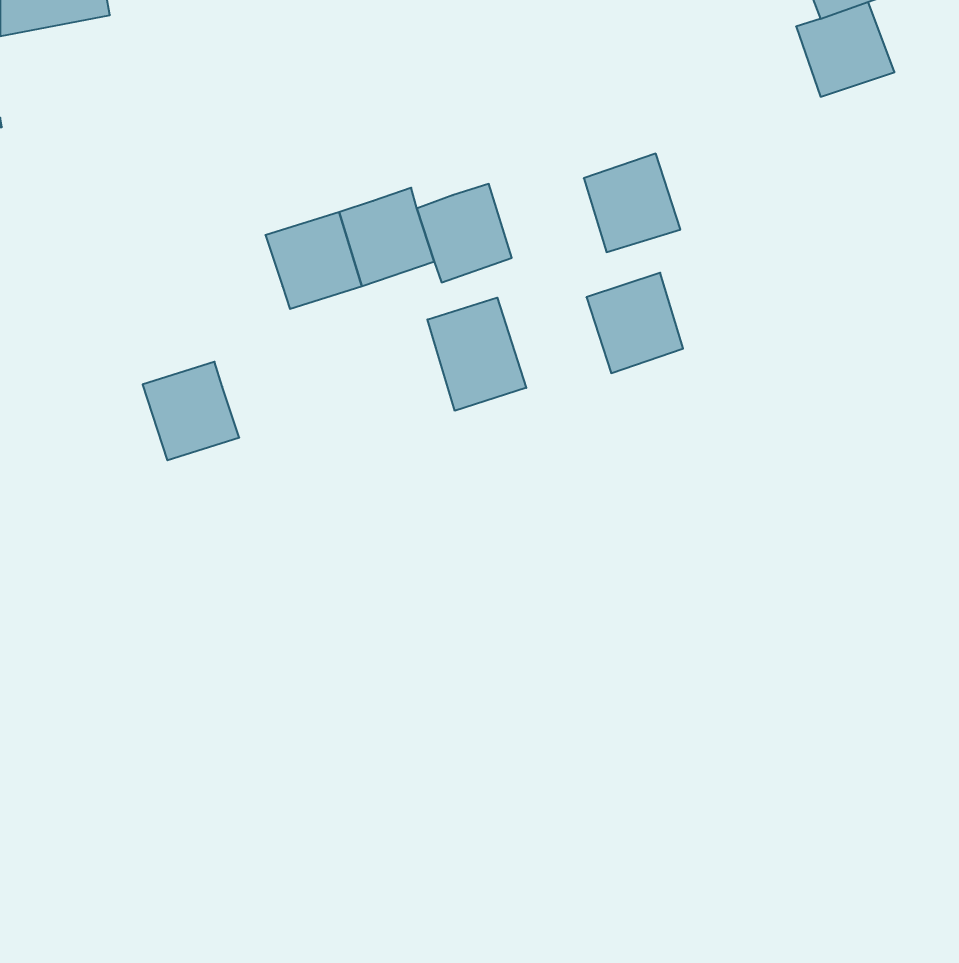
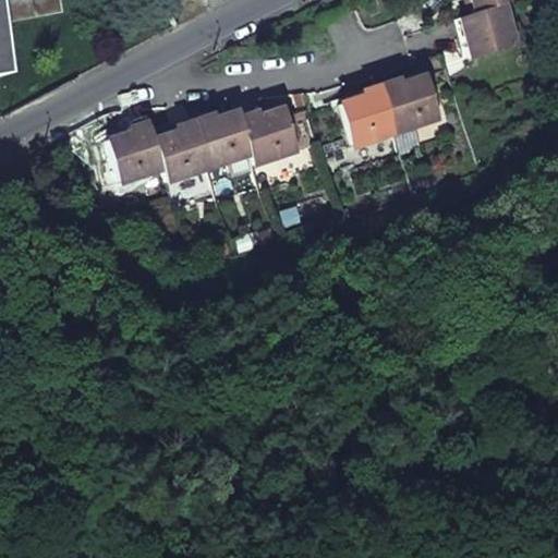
building: [586,273,683,373] -> [383,74,438,132]
building: [427,298,526,411] -> none
building: [143,362,239,460] -> [112,121,168,178]

